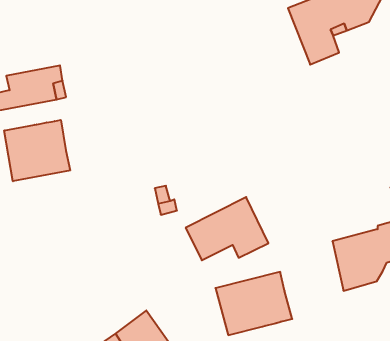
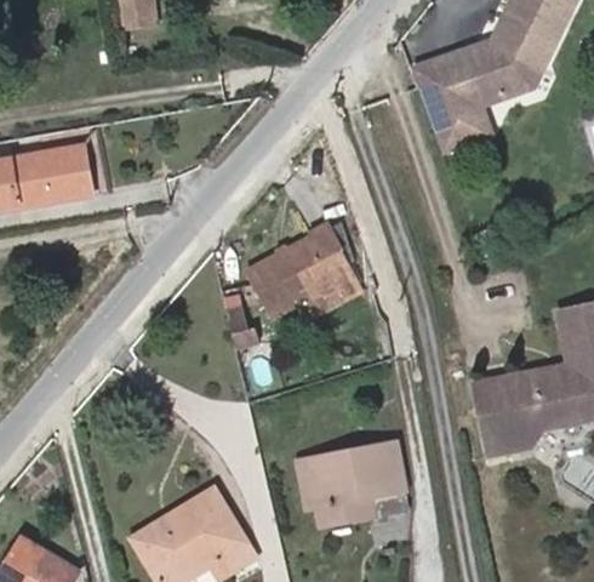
building: [4,120,70,181] -> none
building: [186,197,268,260] -> [242,226,360,315]

